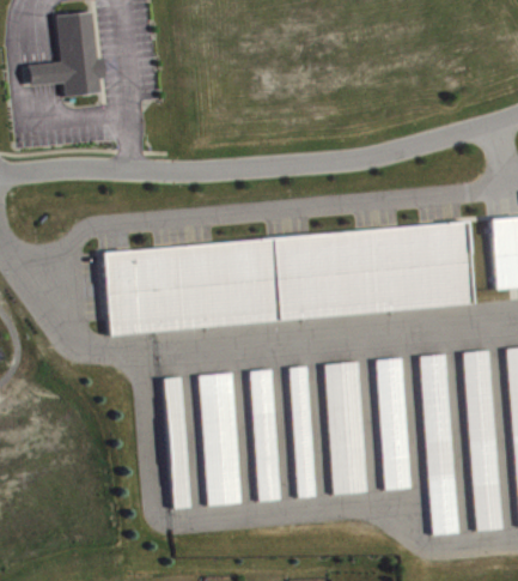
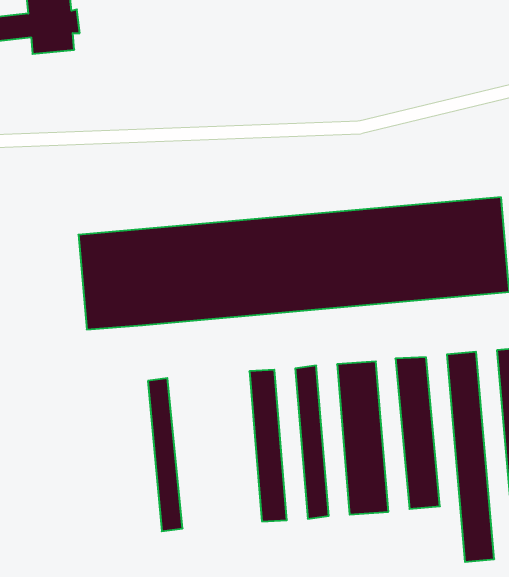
building: [197,371,242,506] -> none

